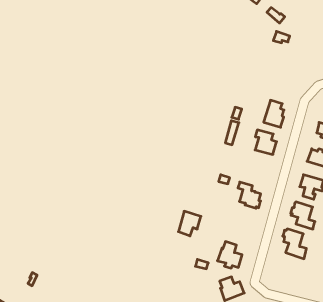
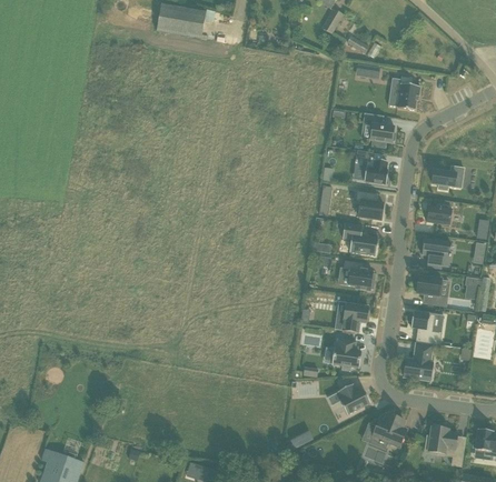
building: none -> [397,76,419,109]
building: none -> [363,112,395,142]
building: none -> [348,233,377,254]
building: [178,211,201,236] -> [341,302,367,332]
building: none -> [403,342,431,380]

